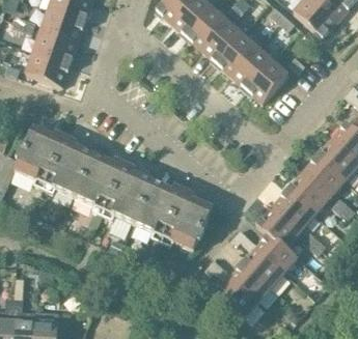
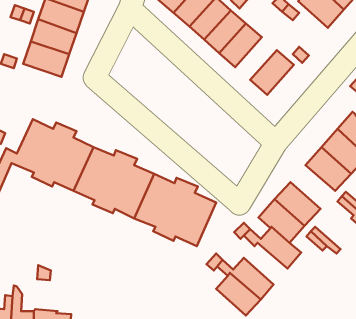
building: [232,47,273,88] -> none
building: [286,171,330,214] -> none
building: [241,247,283,287] -> none

